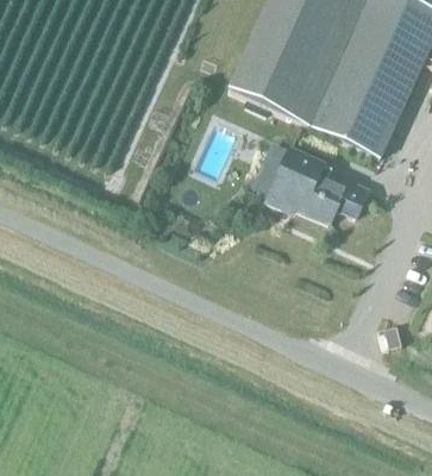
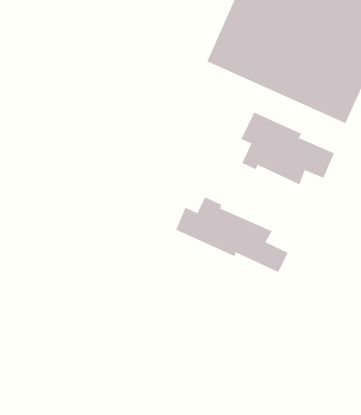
building: none -> [175,196,289,273]

